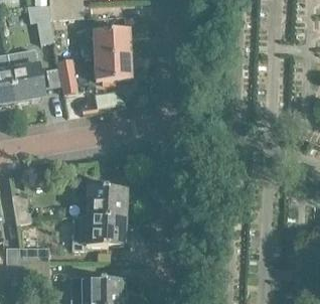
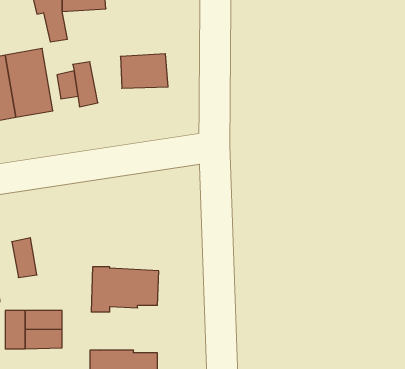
building: [94,28,129,54] -> none
building: [83,184,126,217] -> none

